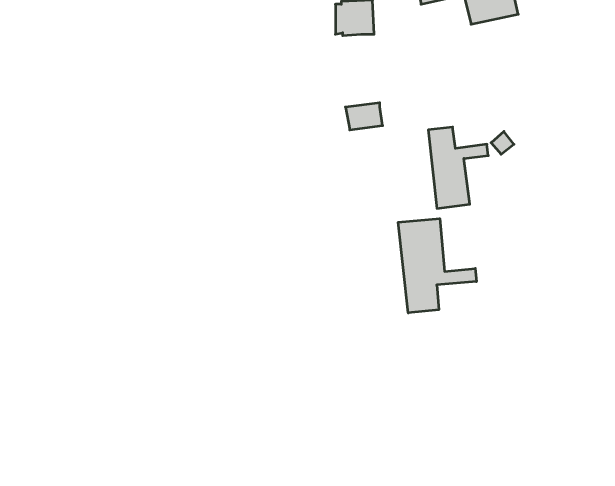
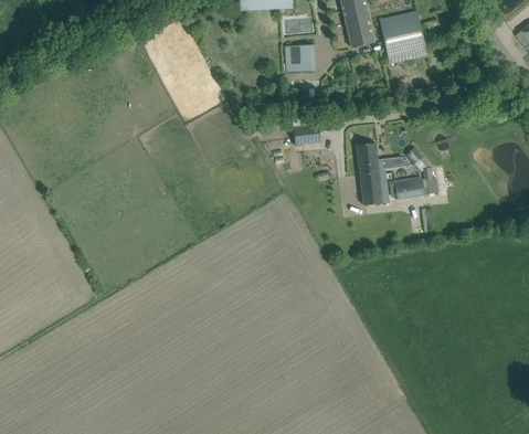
building: none -> [391,176,424,199]
building: [398,219,476,313] -> none

